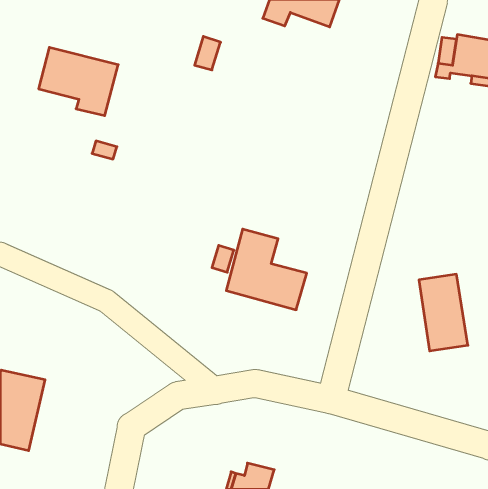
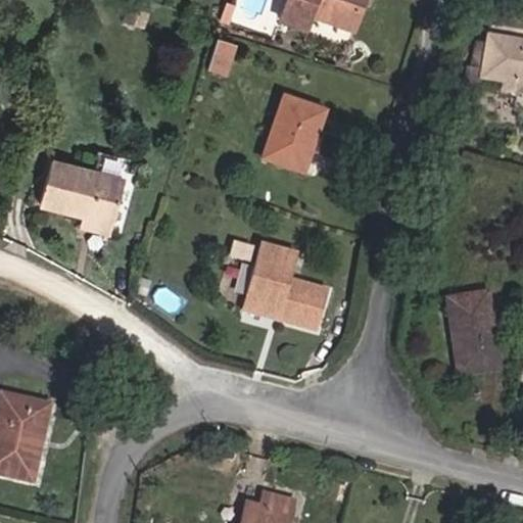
building: [39,47,118,116] -> [41,160,126,233]
building: none -> [265,98,325,172]

